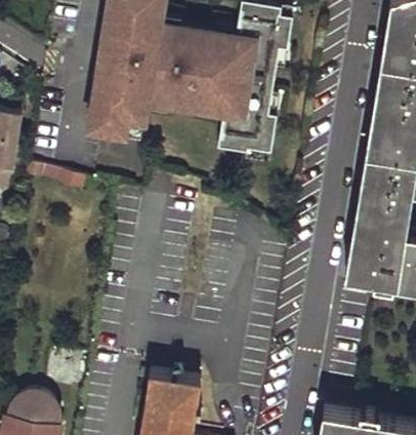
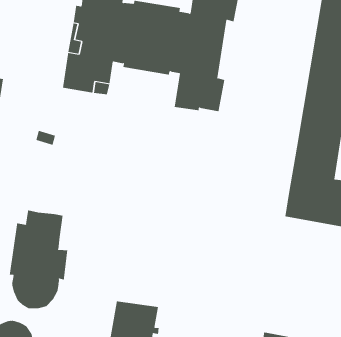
building: none -> [9,209,68,309]

